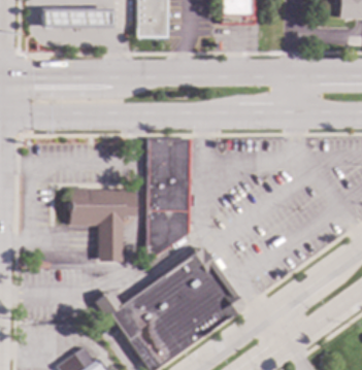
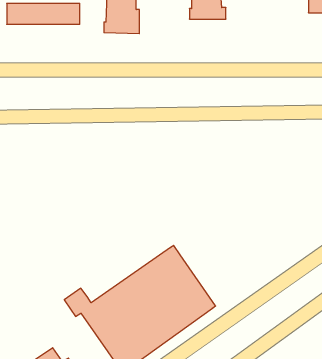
building: [149,138,187,258] -> none
building: [71,188,135,262] -> none

